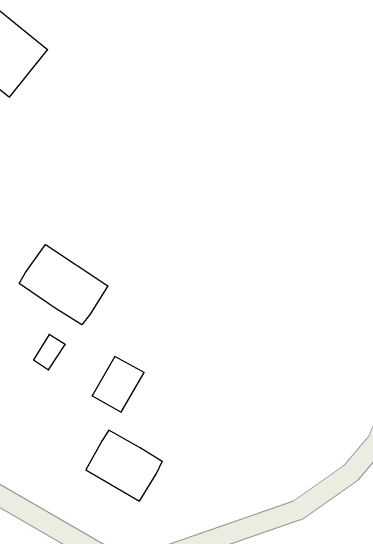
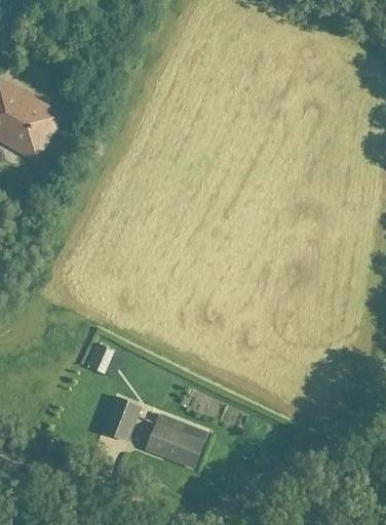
building: [19,245,108,325] -> none
building: [92,356,144,412] -> [96,396,136,440]

